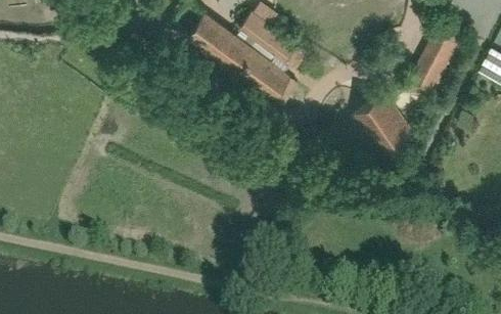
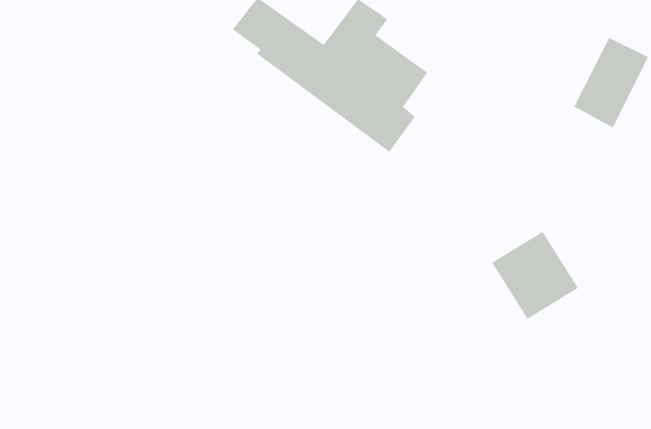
building: [350,91,412,154] -> [491,231,579,320]

